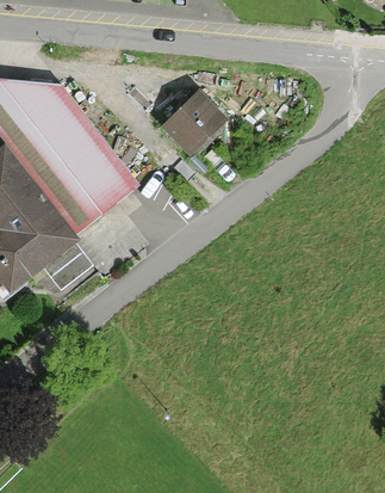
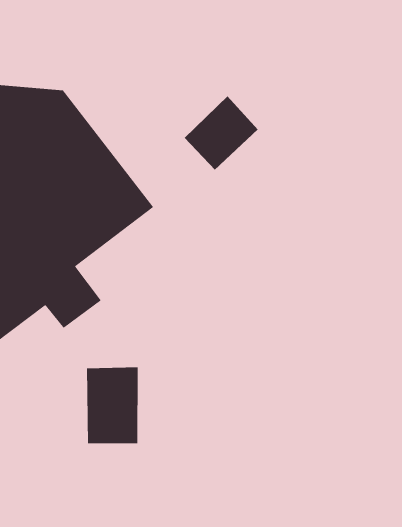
building: none -> [86,367,139,444]

